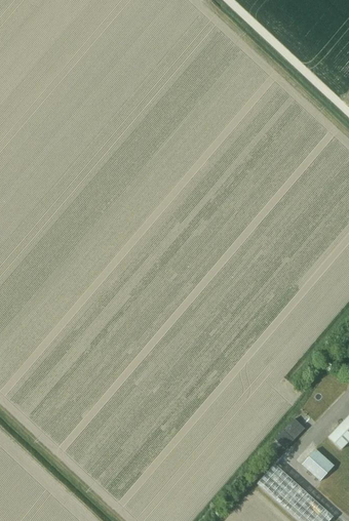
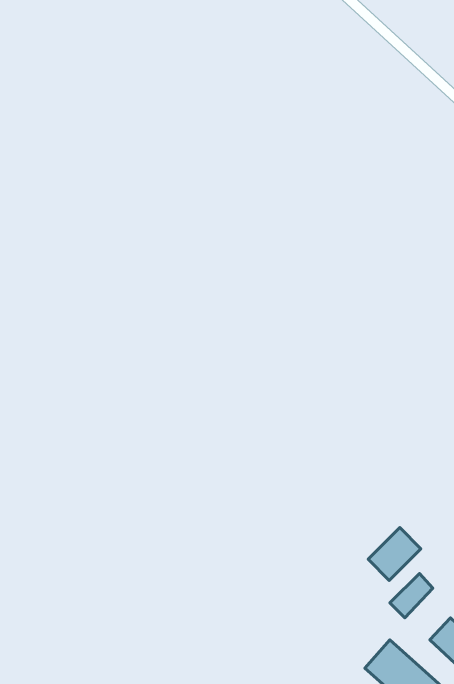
building: none -> [368,527,421,580]

